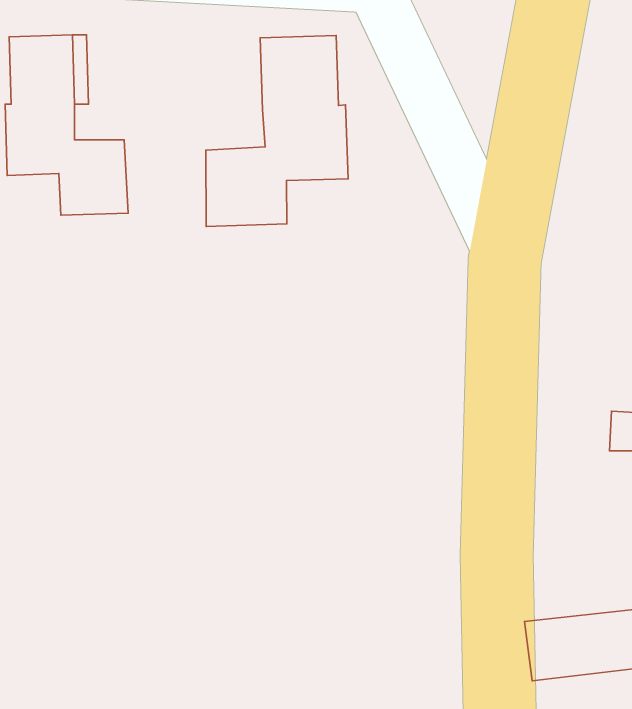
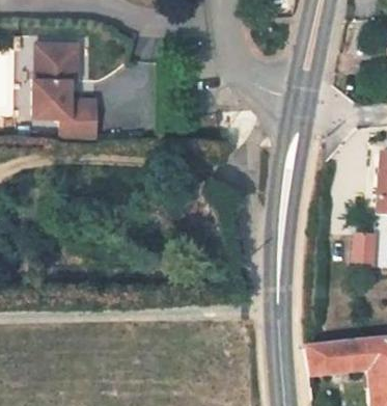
building: [206,35,348,226] -> none

